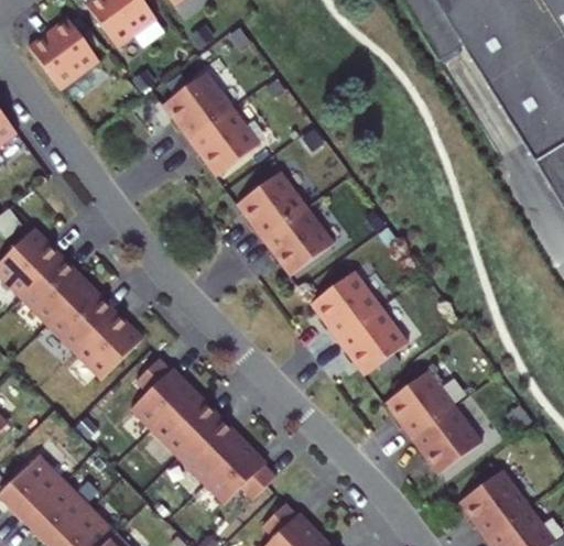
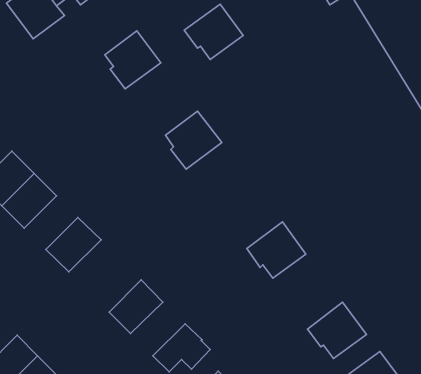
building: [177,119,250,187] -> [184,4,243,60]
building: [252,217,325,286] -> none
building: [302,276,371,348] -> none
building: [53,283,119,349] -> none
building: [137,356,197,426] -> none
building: [376,375,445,447] -> none
building: [184,414,251,480] -> none

